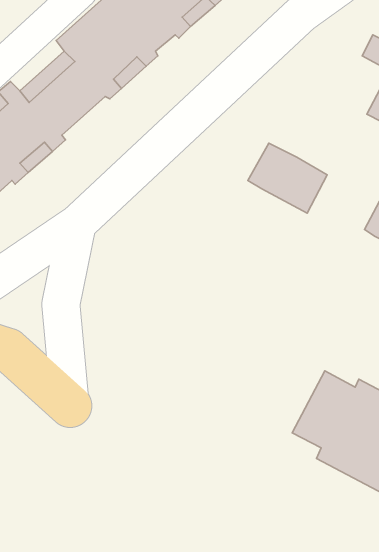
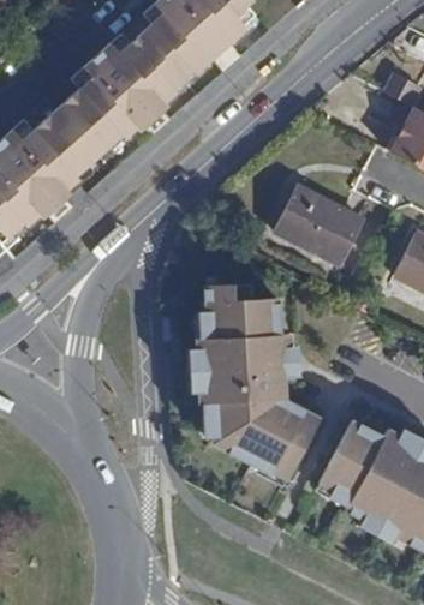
building: none -> [193,278,316,477]

